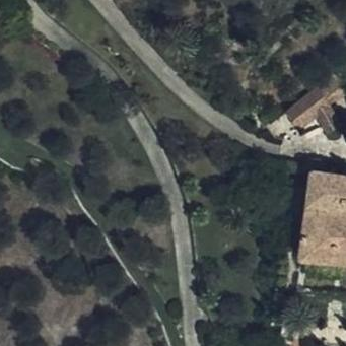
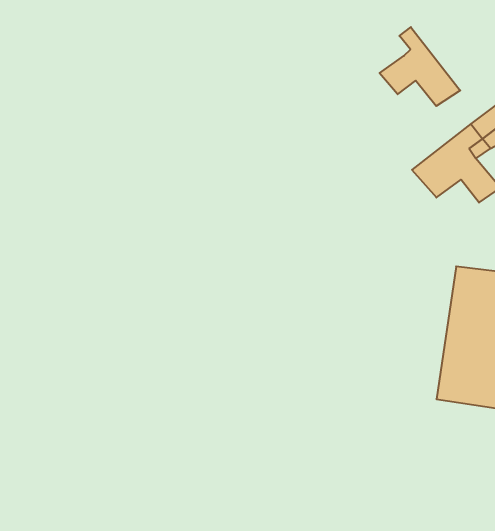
building: none -> [380,27,460,106]

